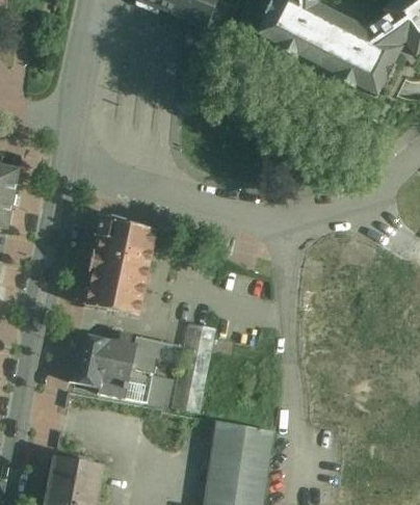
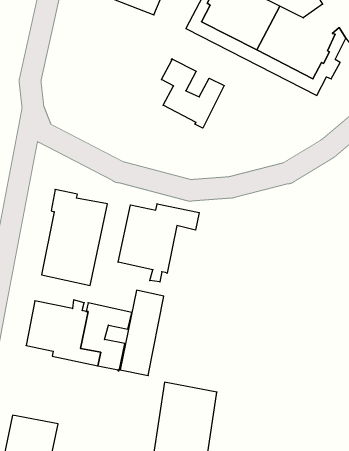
building: none -> [161,59,224,128]
building: none -> [118,204,199,282]

